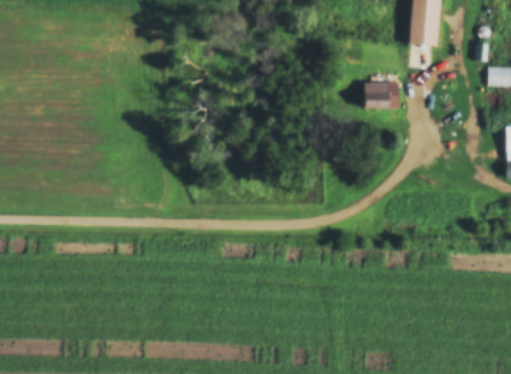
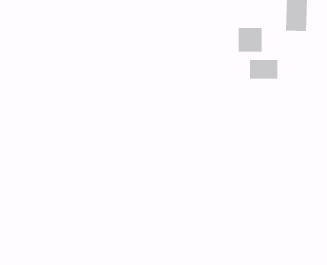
building: none -> [238,27,262,52]

